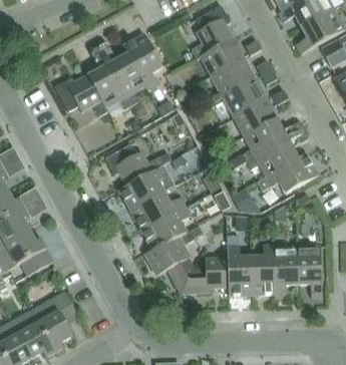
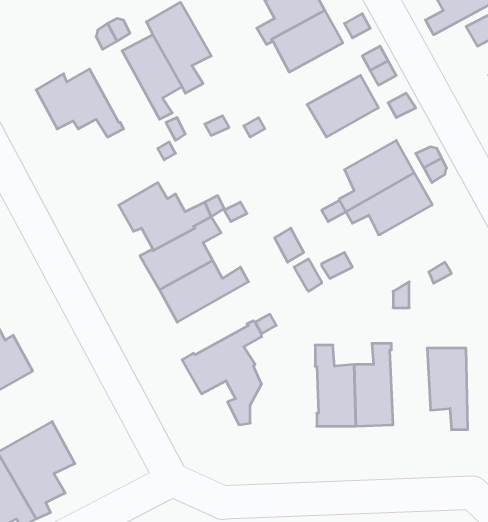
building: [211,57,255,95] -> none
building: [87,62,130,109] -> none
building: [234,97,277,135] -> none
building: [257,152,318,193] -> none
building: [141,205,191,250] -> none
building: [273,246,298,297] -> none
building: [187,257,229,292] -> none

